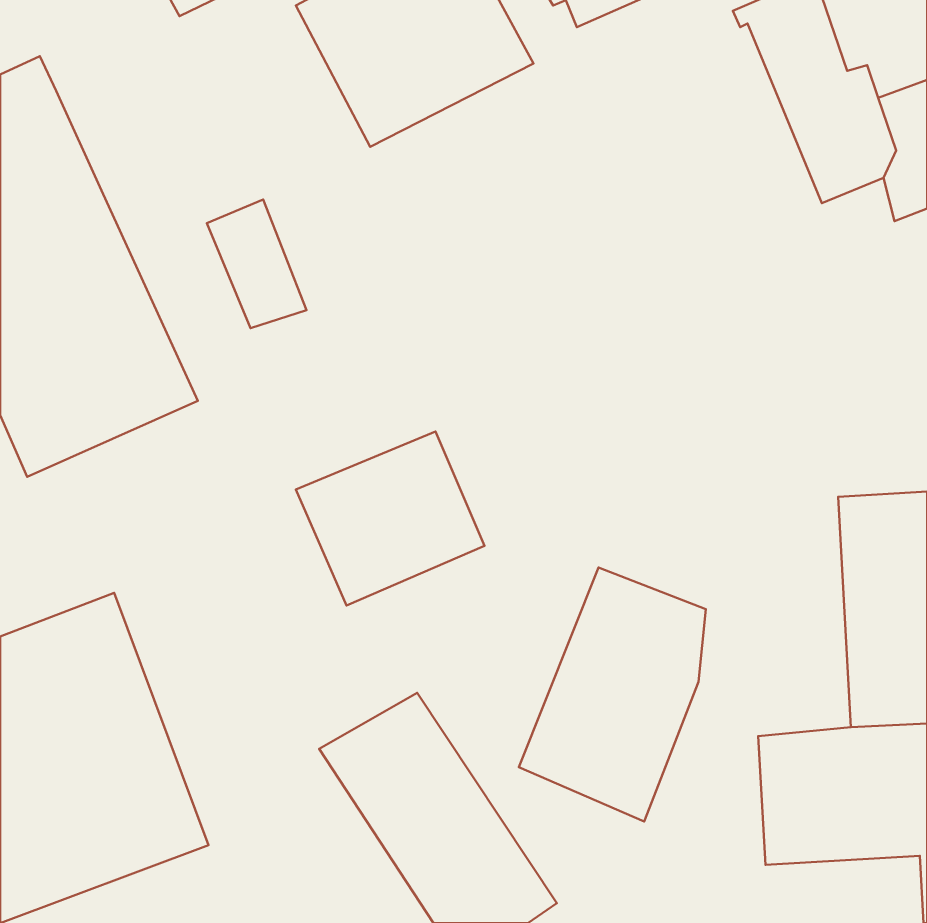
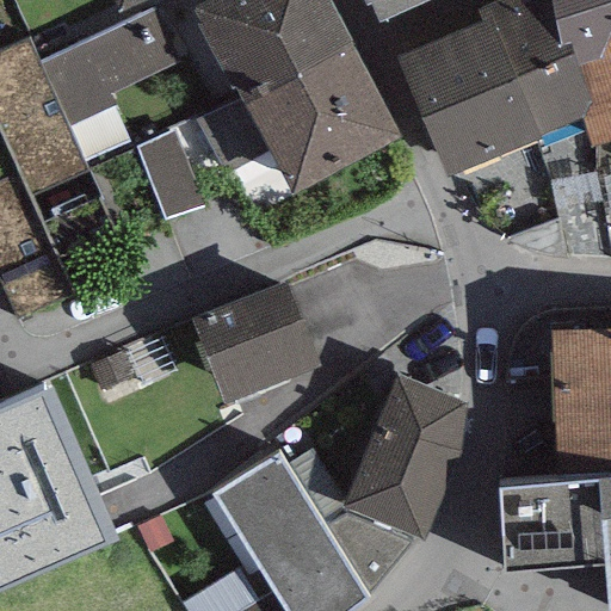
building: none -> [37,7,180,125]
building: none -> [396,16,541,173]
building: none -> [199,42,400,190]

